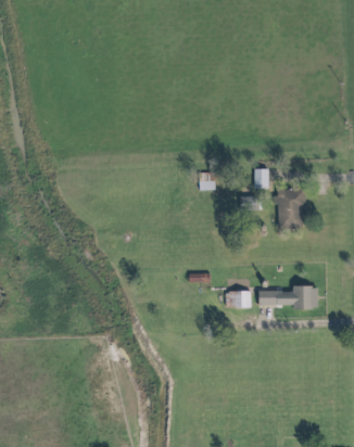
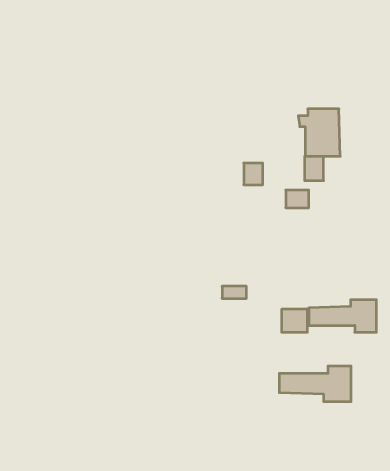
building: [270,190,304,228] -> [298,109,340,156]
building: none -> [279,366,351,402]

